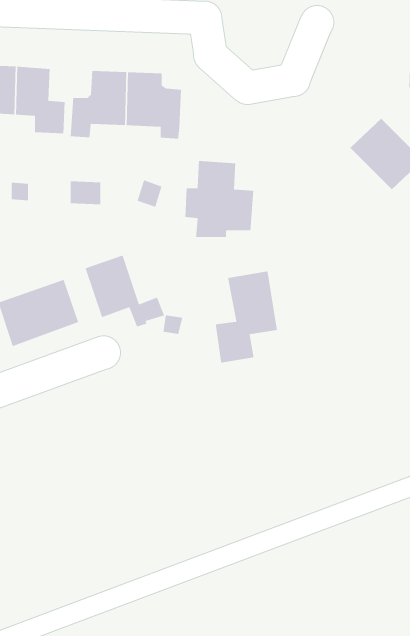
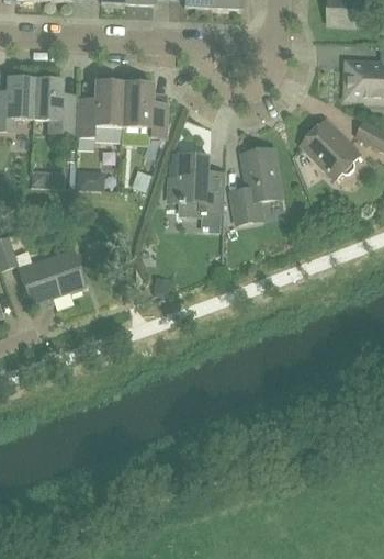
building: [85,255,165,328] -> none
building: [215,271,278,363] -> [231,147,282,222]

